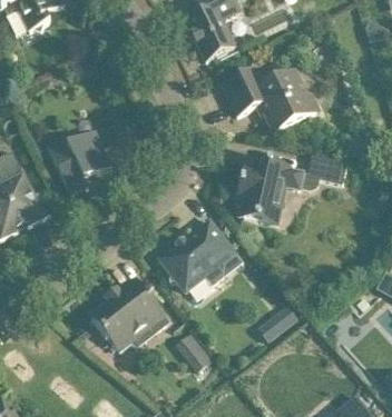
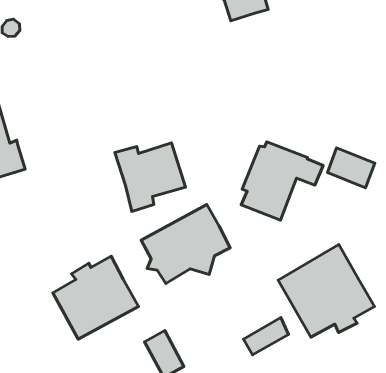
building: [220,66,320,131] -> none
building: [47,130,111,193] -> [115,143,185,211]
building: none -> [278,245,375,337]

